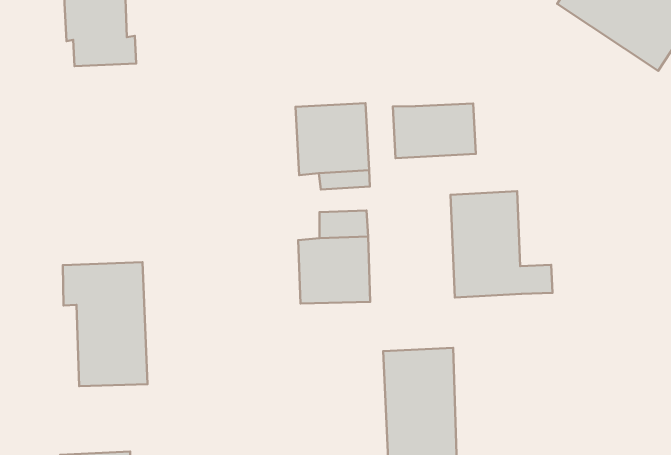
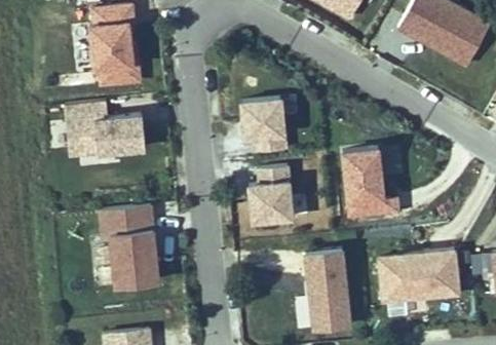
building: none -> [62,104,144,172]
building: [393,104,476,158] -> none
building: none -> [383,243,457,297]

